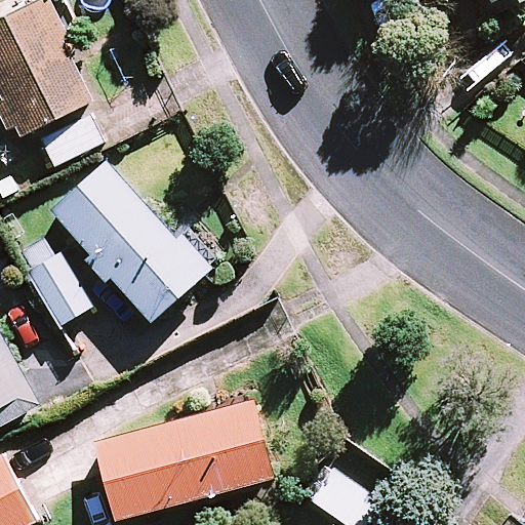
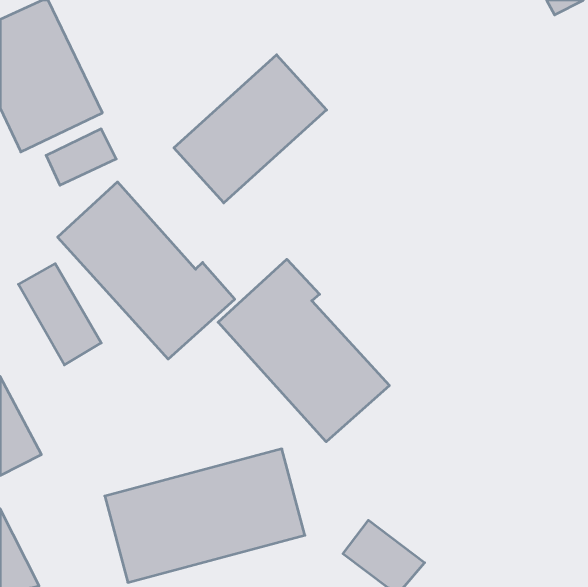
building: none -> [174,55,327,203]
building: none -> [218,259,389,442]

